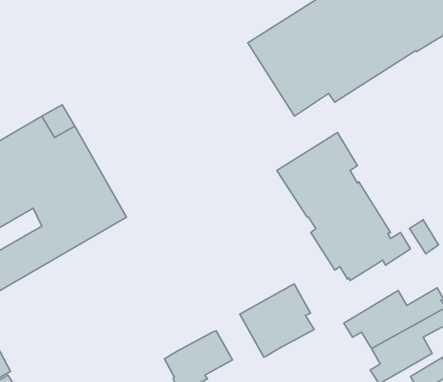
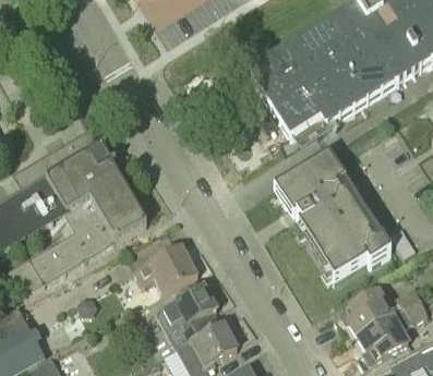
building: none -> [135,244,200,294]
building: [240,284,314,357] -> [157,283,221,347]

